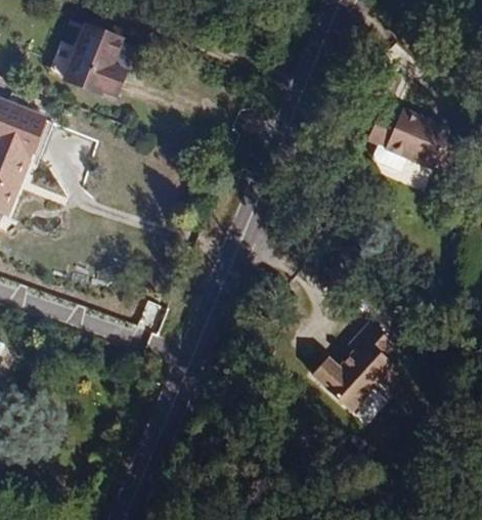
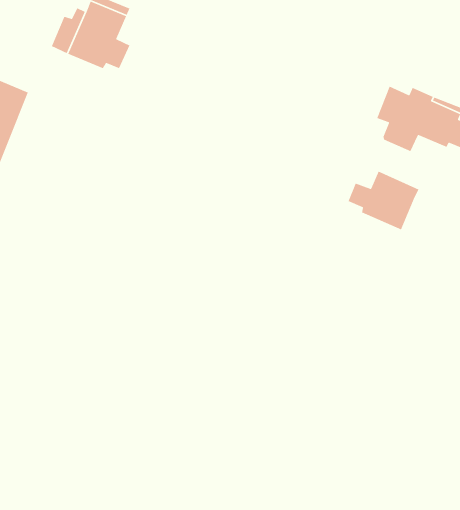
building: none -> [348,171,420,231]
building: [311,334,405,420] -> none

